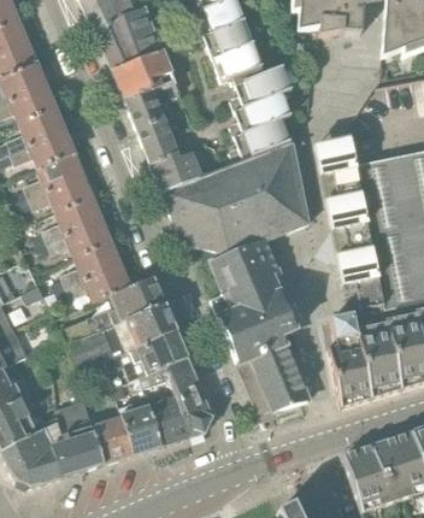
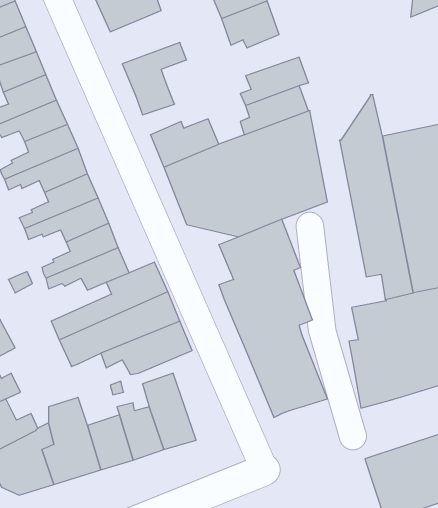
building: [113,48,176,98] -> none
building: [231,64,293,108] -> none
building: [139,355,212,436] -> none

